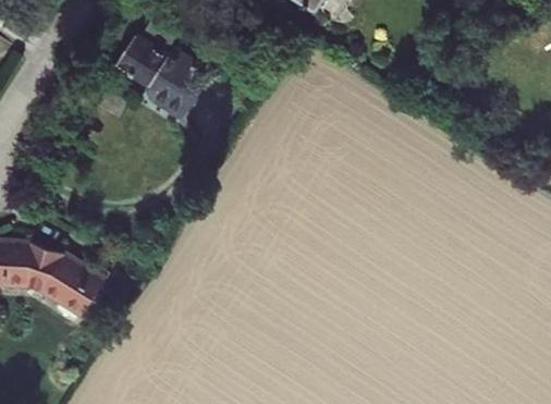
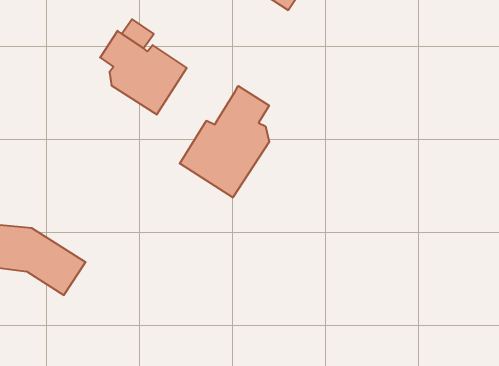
building: none -> [180,86,269,198]

